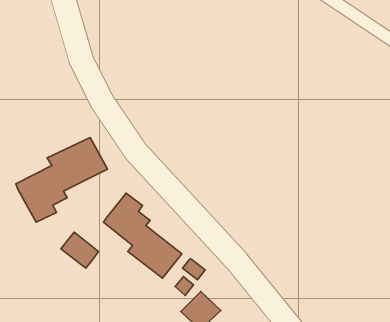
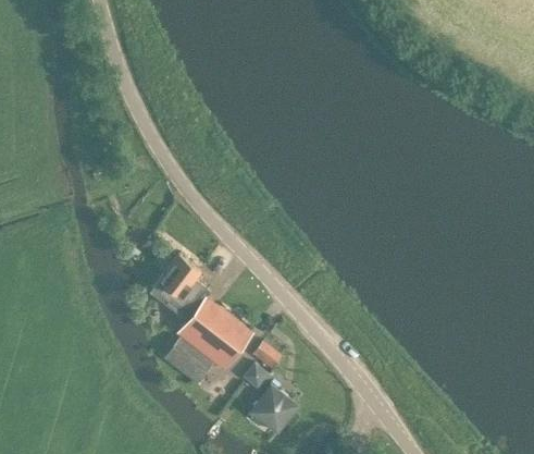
building: [16,137,108,222] -> none
building: [61,232,98,268] -> [164,336,213,383]

